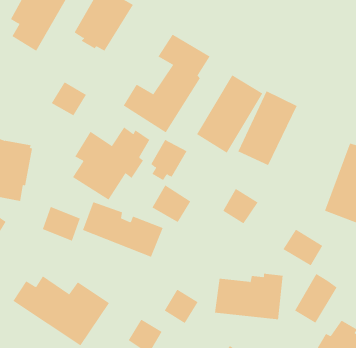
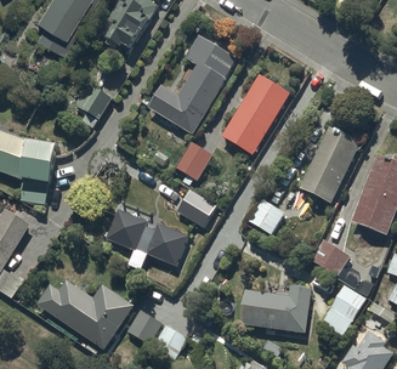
building: [237,90,297,166] -> [300,124,361,200]
building: [72,127,150,201] -> none
building: [42,206,81,242] -> none
building: [164,289,198,324] -> [127,313,163,348]

